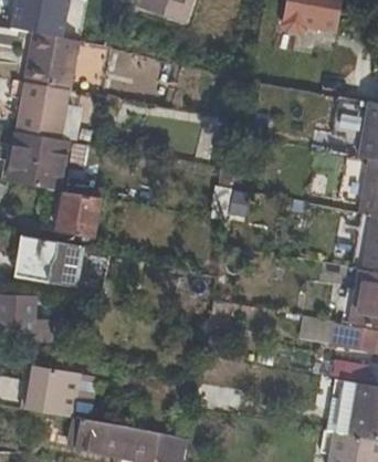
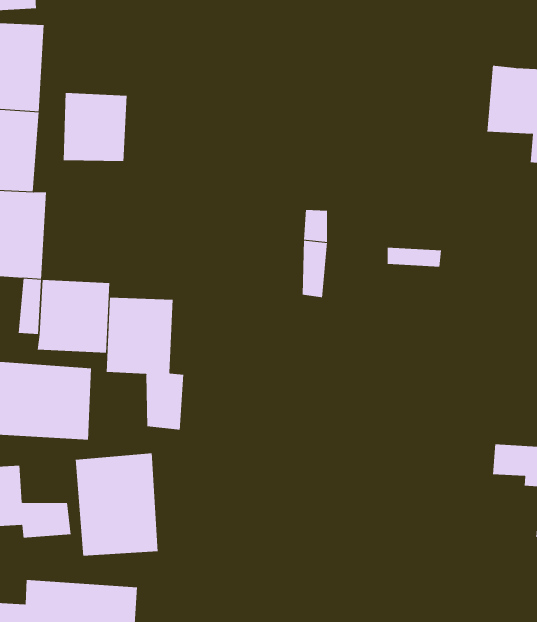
building: none -> [63,92,127,162]
building: none -> [106,297,184,430]
building: none -> [75,453,158,556]

